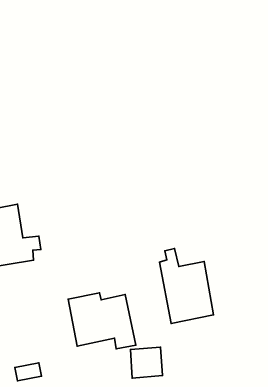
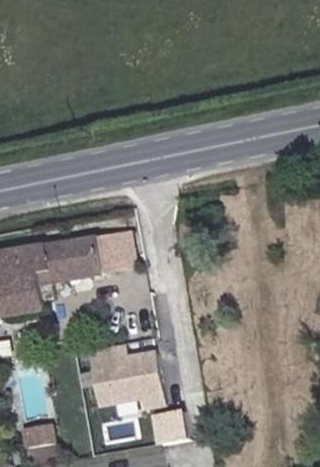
building: none -> [26,234,120,284]
building: [160,248,213,323] -> none

